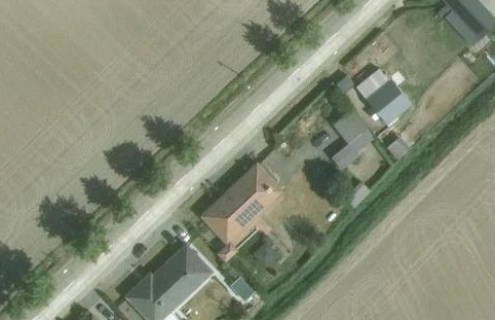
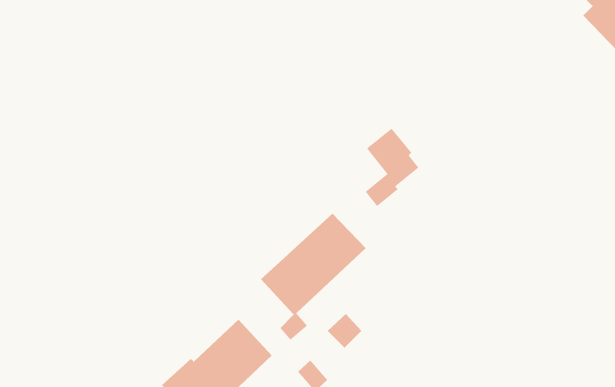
building: [366,80,409,123] -> none
building: [332,108,373,168] -> [365,128,419,207]

